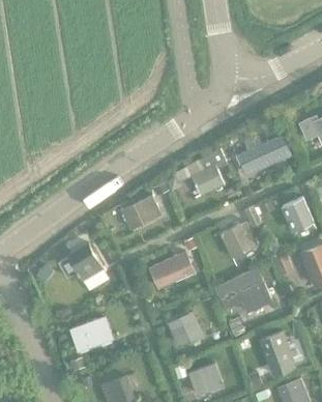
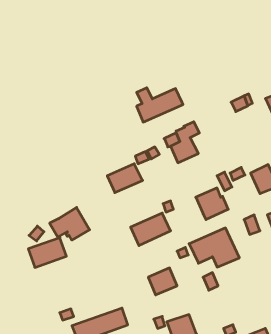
building: [237,137,289,175] -> [137,88,183,122]
building: [69,319,112,352] -> [28,238,66,267]
building: [259,334,293,375] -> none

